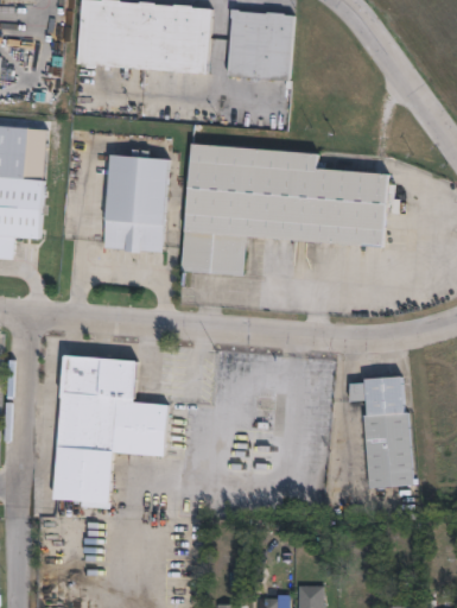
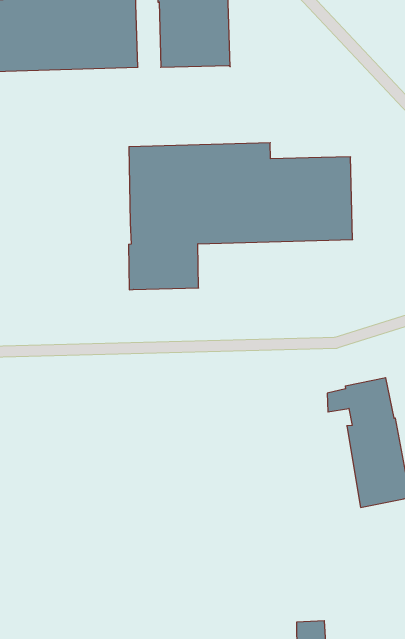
building: [103,154,173,255] -> none
building: [49,354,163,508] -> none

